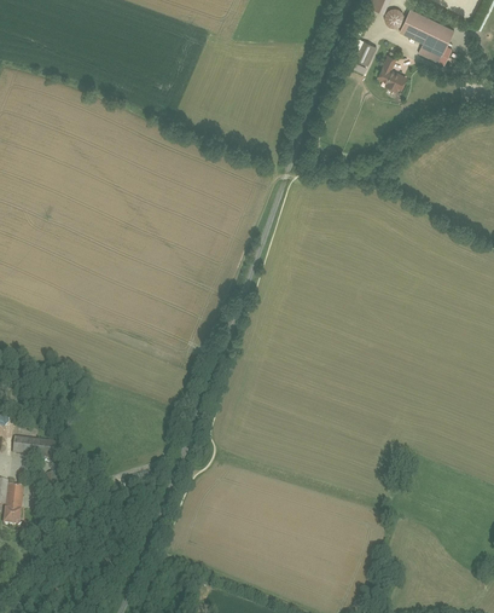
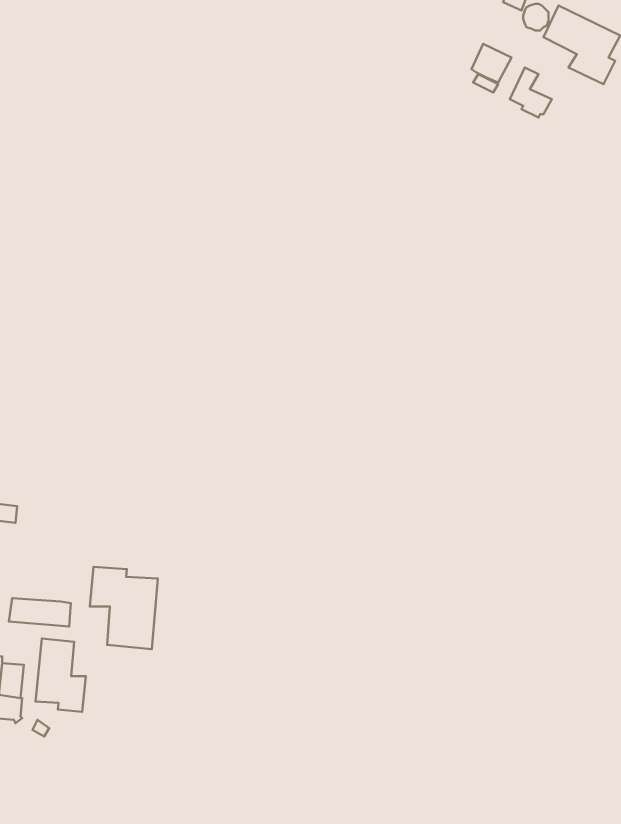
building: none -> [90,567,158,649]
building: none -> [36,638,86,712]

